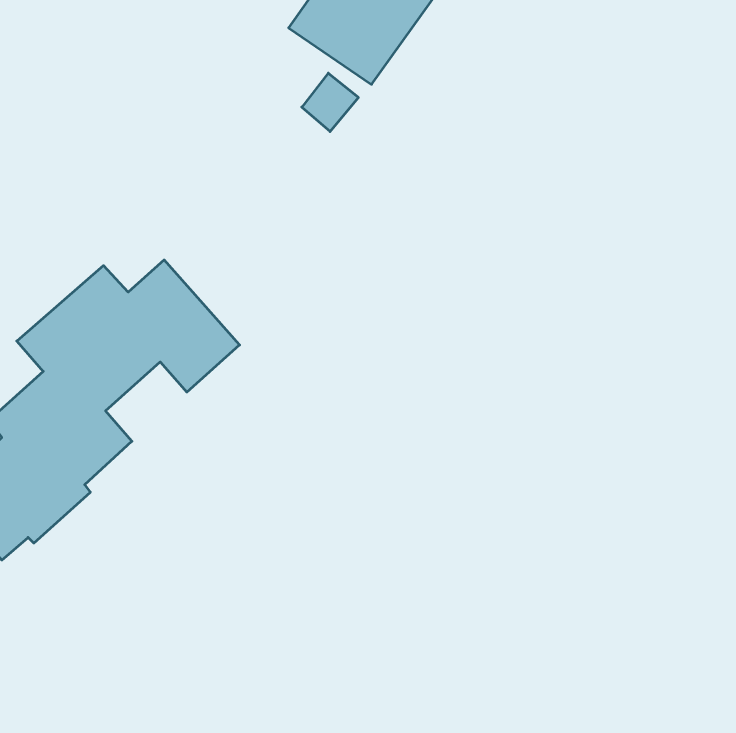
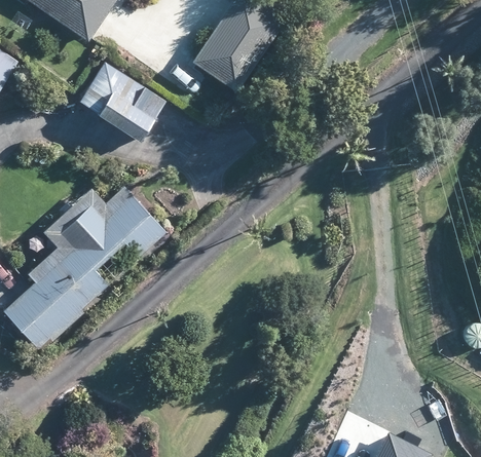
building: none -> [80,65,163,140]

